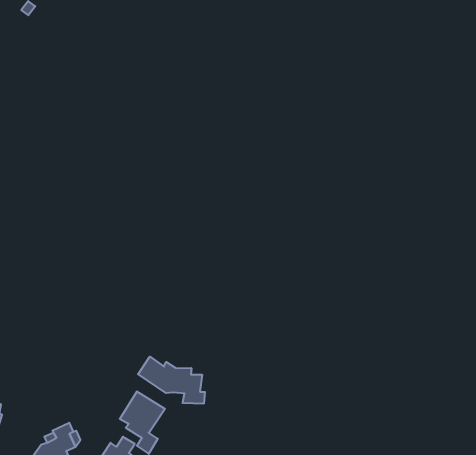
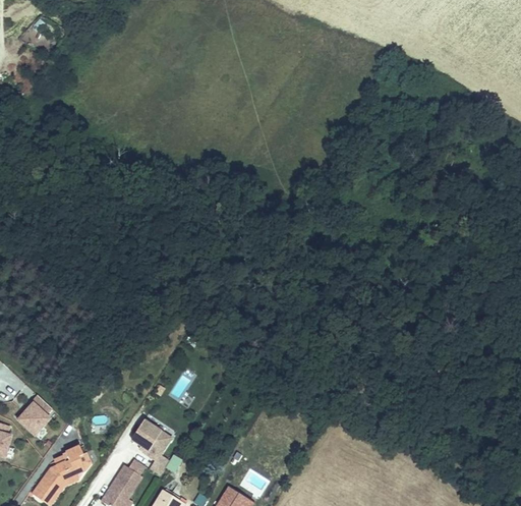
building: [138,357,205,404] -> none
building: none -> [14,395,51,438]

